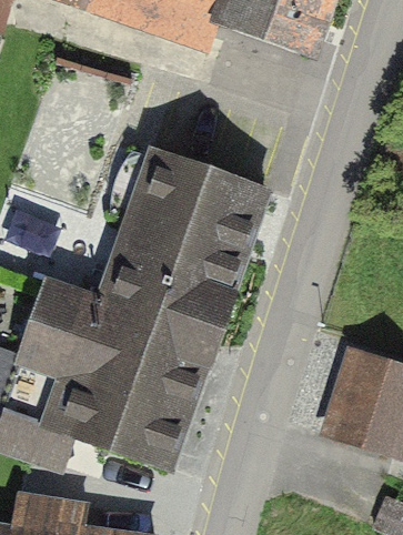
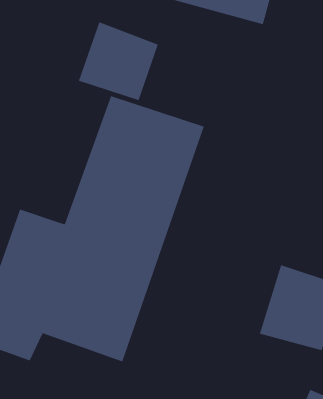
building: none -> [78,21,159,101]

